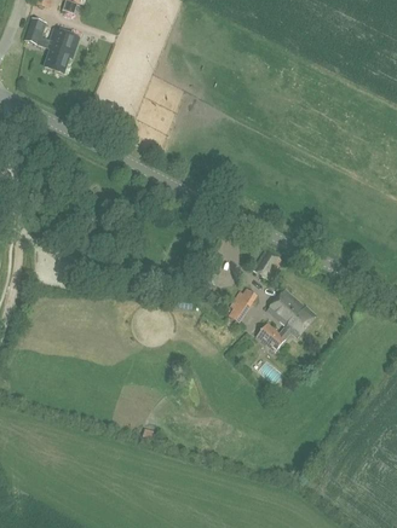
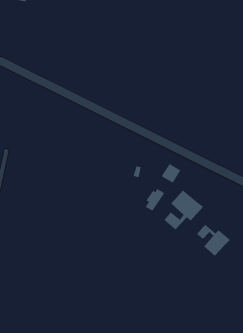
building: [24,18,79,72] -> none
building: none -> [196,224,231,257]

